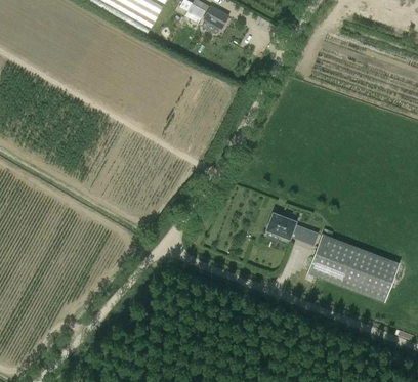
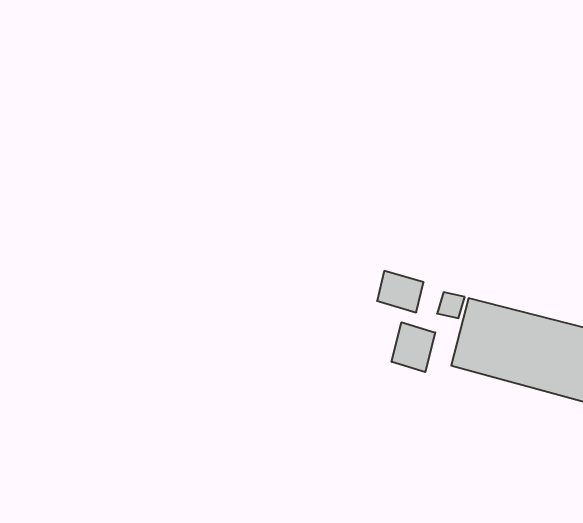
building: none -> [392,322,435,372]

